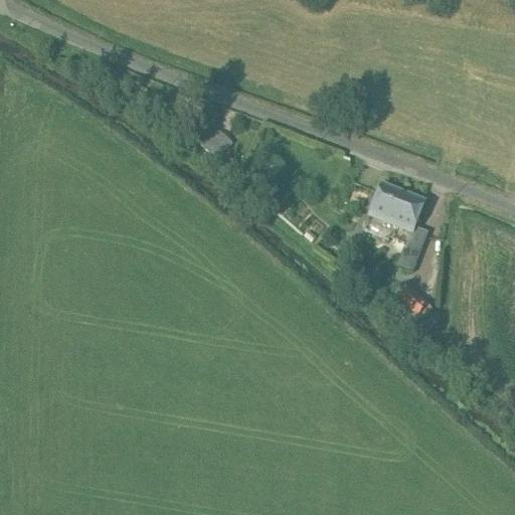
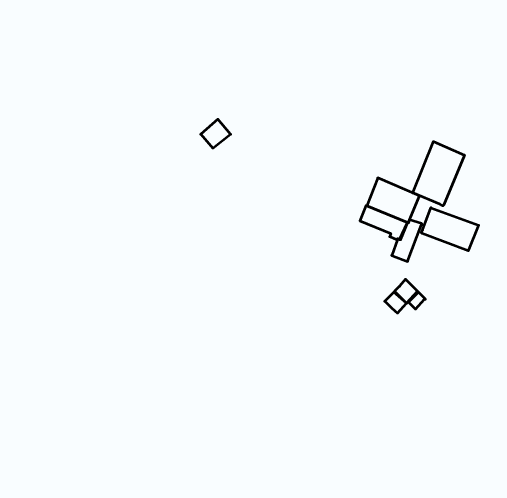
building: none -> [413,142,464,206]
building: none -> [421,208,479,251]

